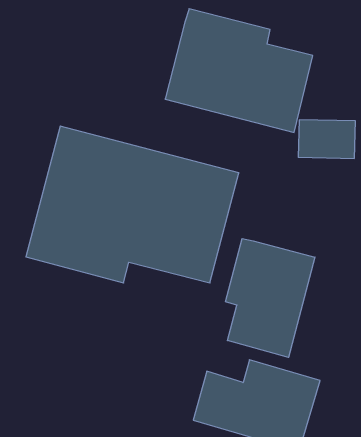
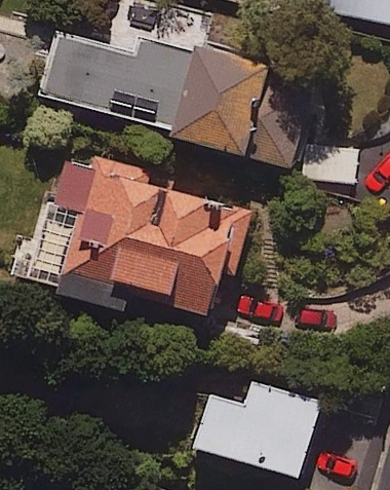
building: none -> [40,37,186,129]
building: [226,239,315,357] -> none

